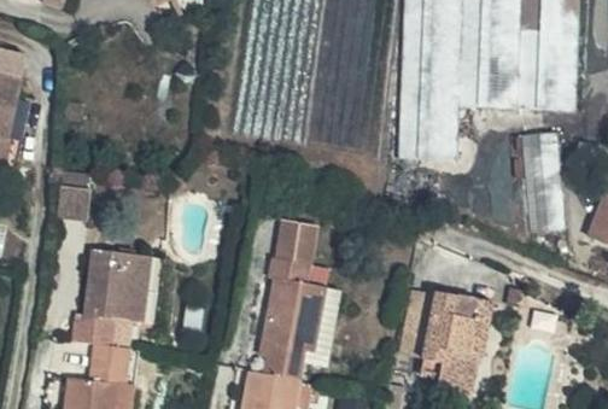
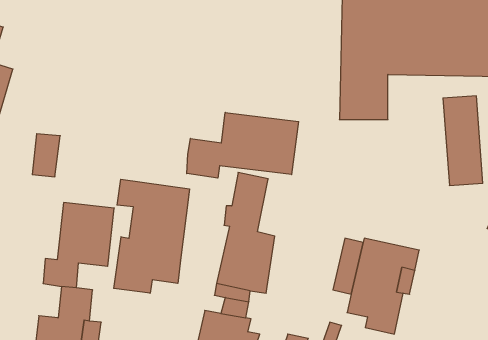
building: none -> [187,112,299,178]
building: none -> [114,179,189,293]

